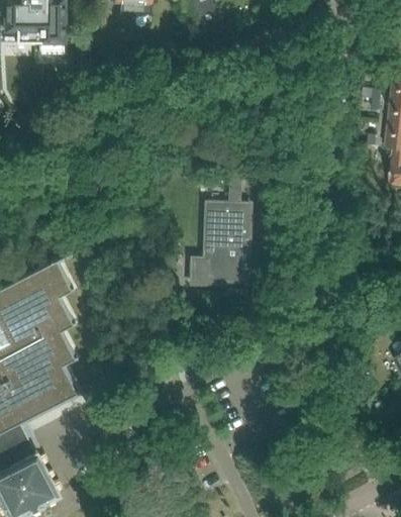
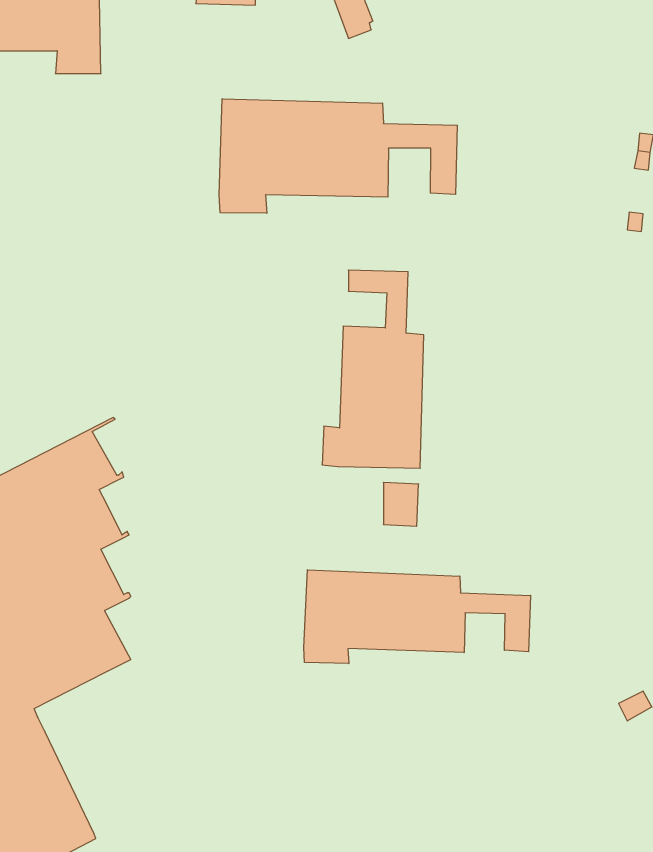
building: none -> [219,99,457,213]
building: none -> [304,570,531,664]

